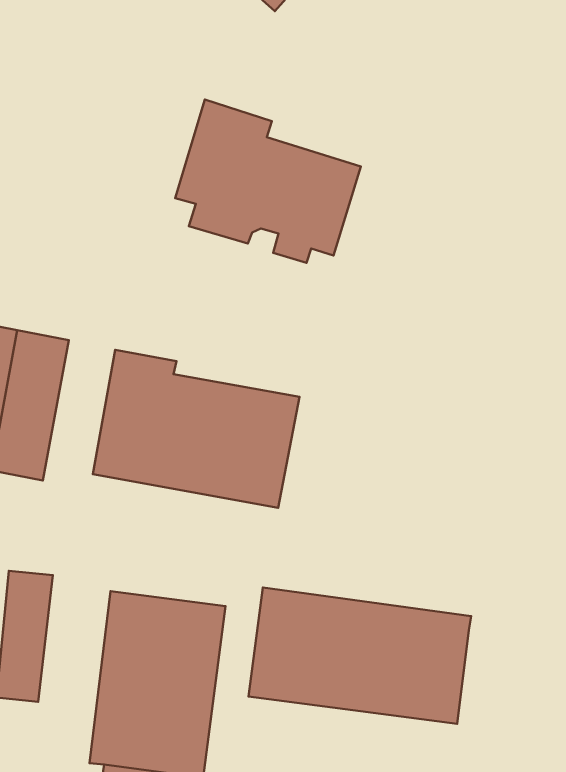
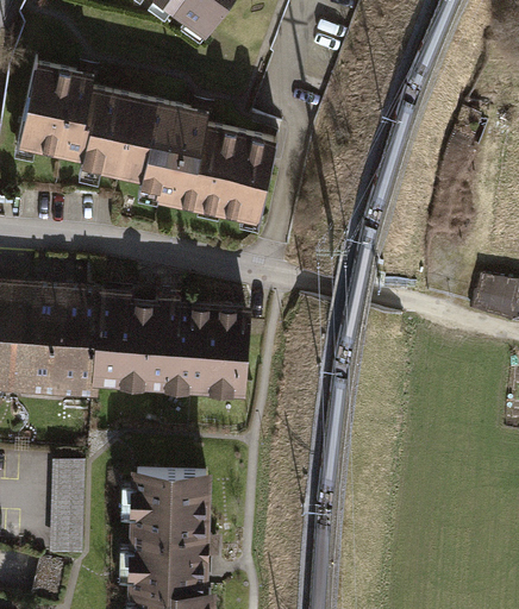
building: none -> [18,67,157,180]
building: none -> [68,290,111,396]
building: [249,587,471,724] -> none

